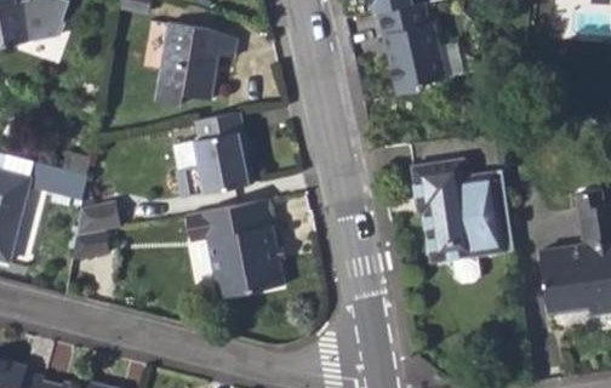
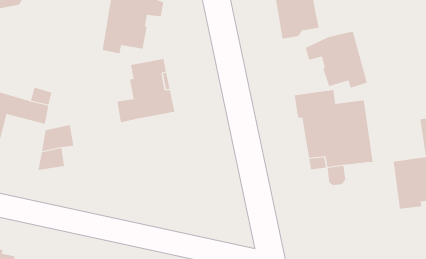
building: none -> [305,31,368,88]
building: [184,200,284,298] -> none

